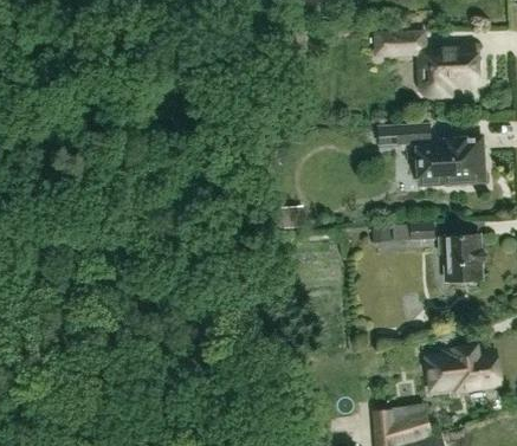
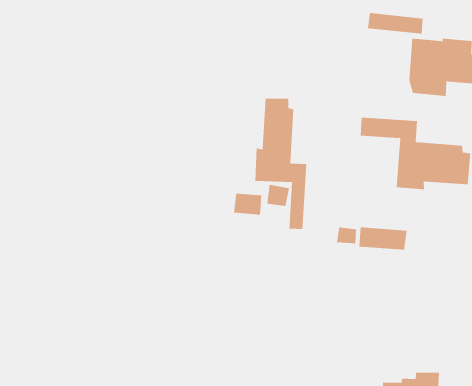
building: none -> [255,98,307,230]
building: [439,234,485,282] -> none

